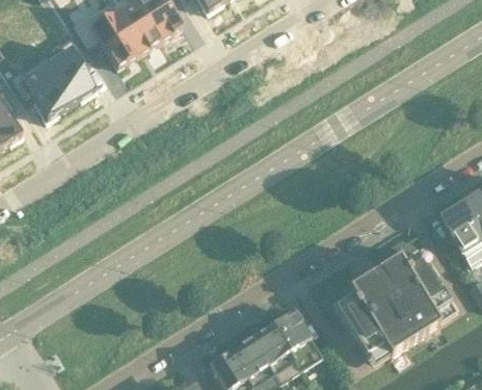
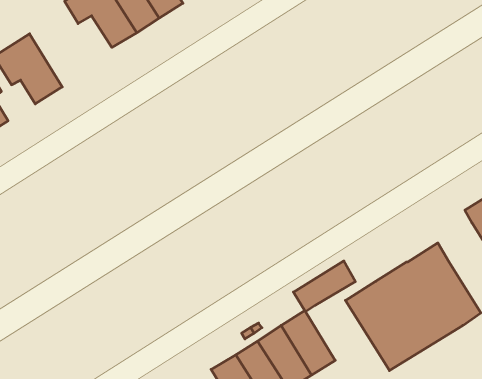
building: [41,34,95,103] -> none
building: none -> [293,261,355,312]

